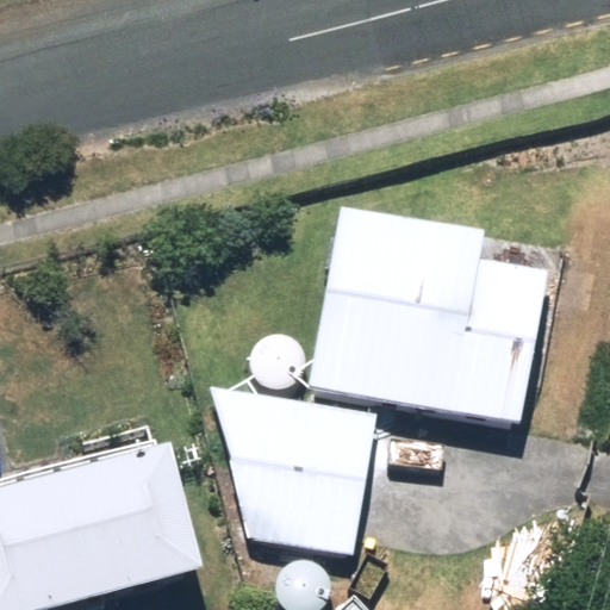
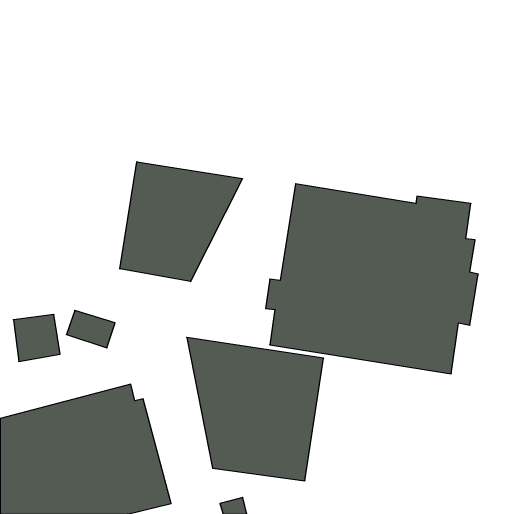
building: none -> [120,162,242,282]

